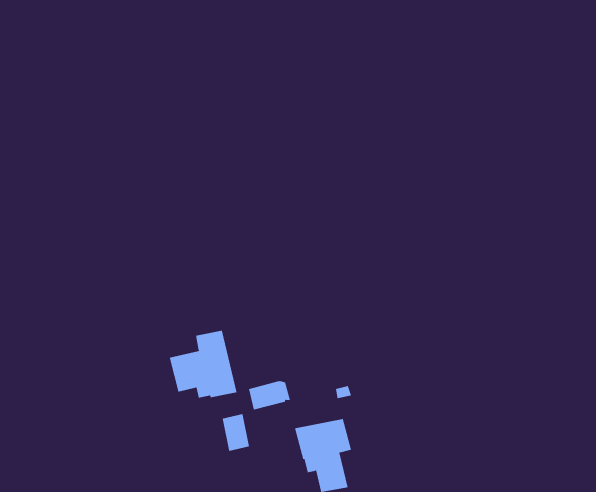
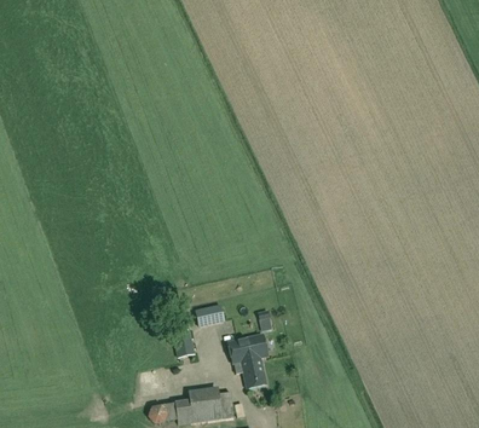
building: [169,330,237,399] -> none

